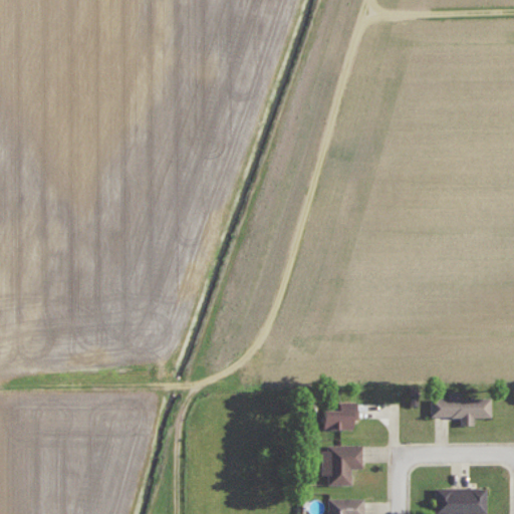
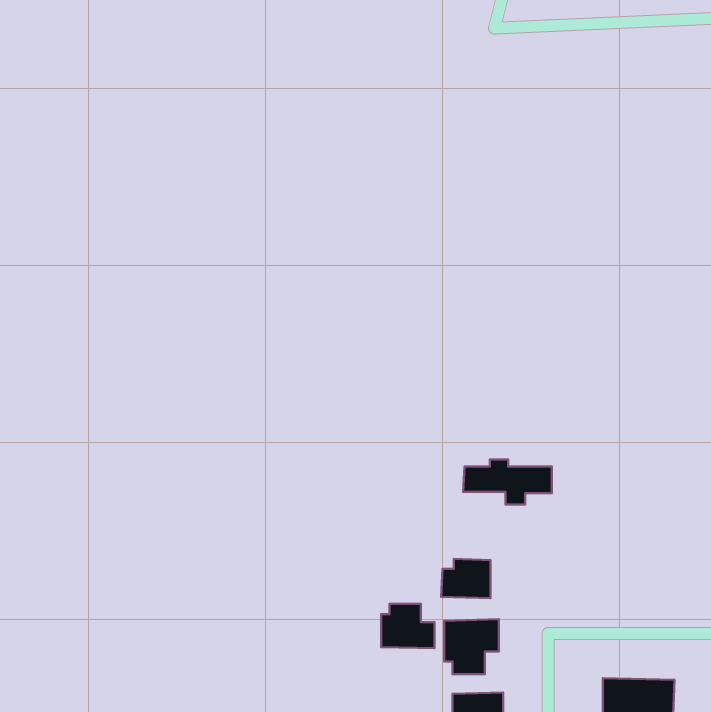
building: [430,395,493,427] -> [463,459,552,504]
building: none -> [381,604,434,648]

